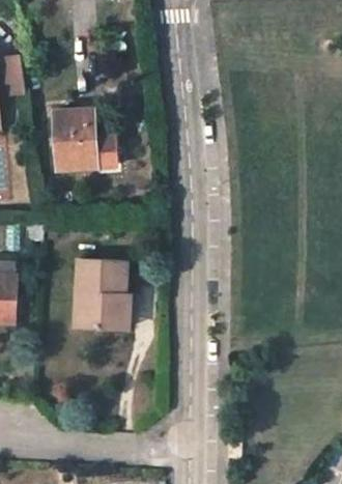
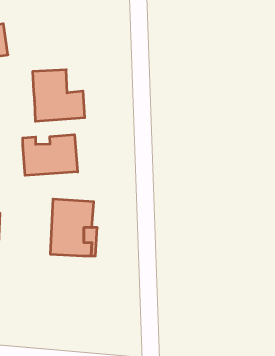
building: none -> [23,135,78,175]

